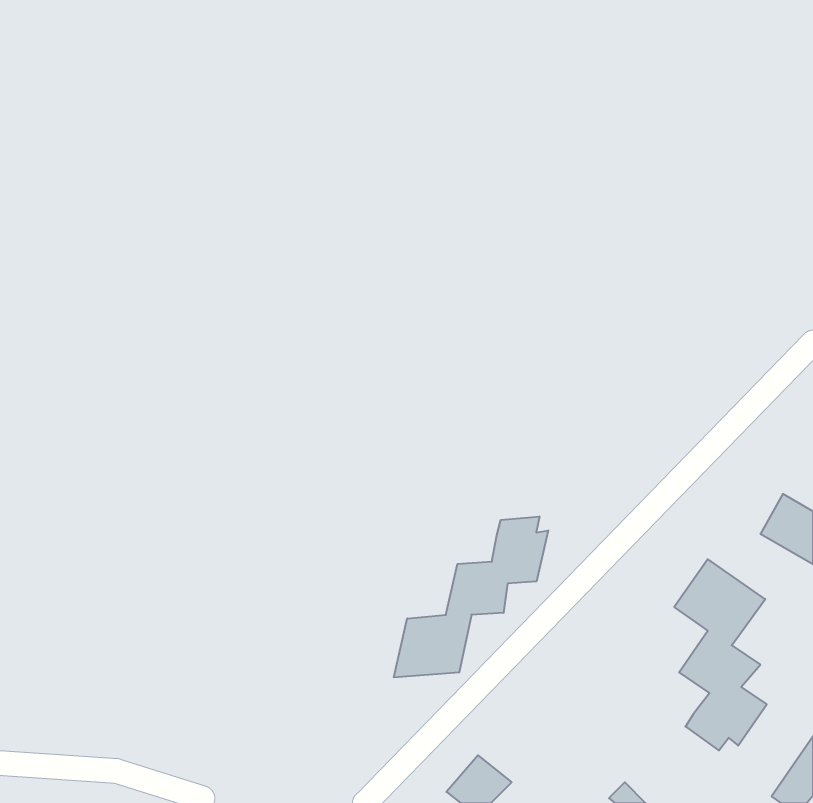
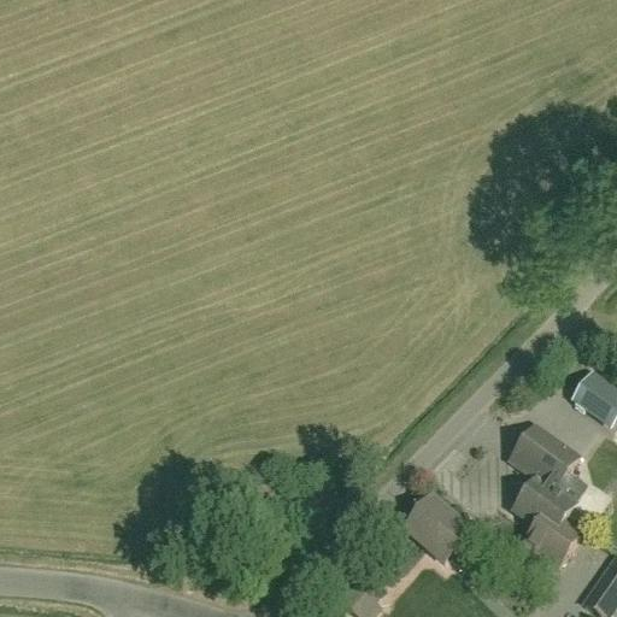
building: [394,516,548,677] -> none
building: none -> [404,494,471,560]

